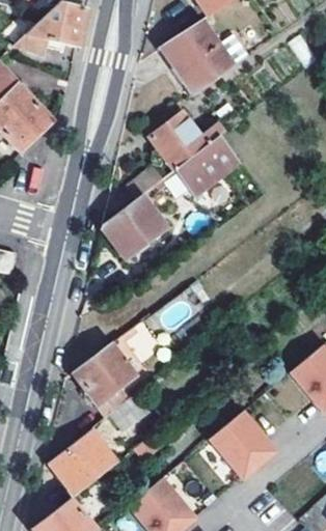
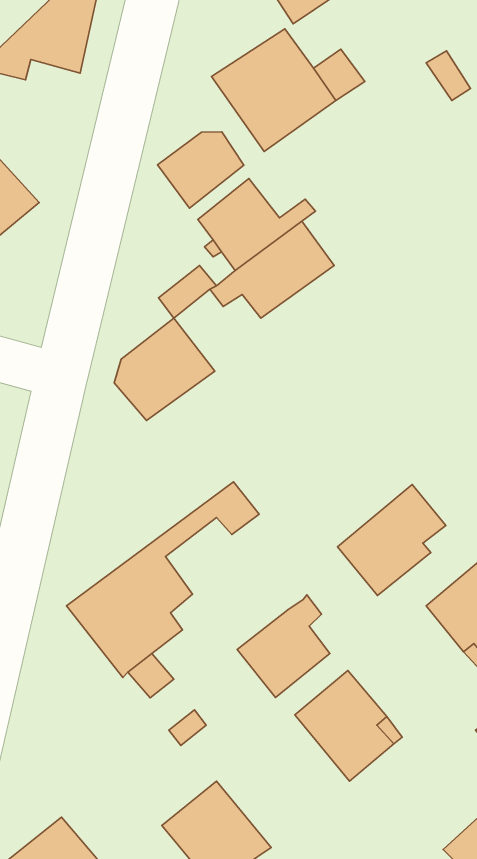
building: none -> [157,132,244,208]
building: none -> [337,484,446,596]
building: none -> [237,595,330,698]
building: [48,426,116,496] -> none

